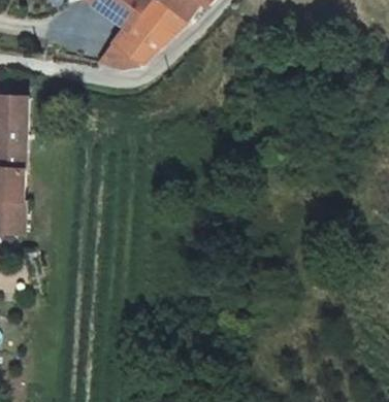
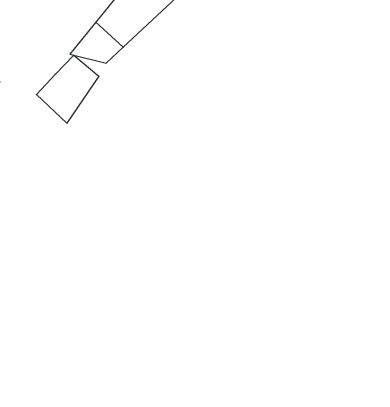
building: none -> [36,55,99,123]

